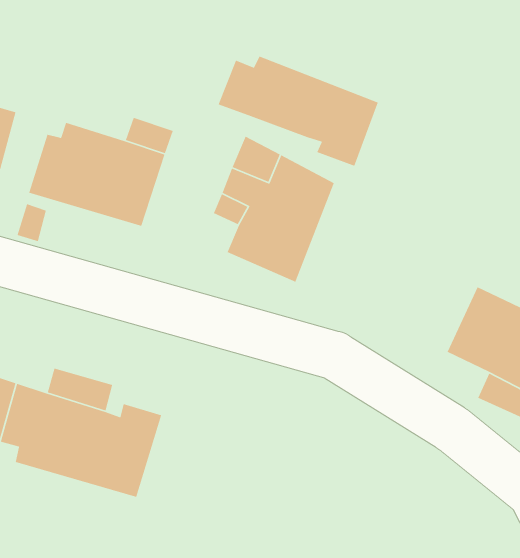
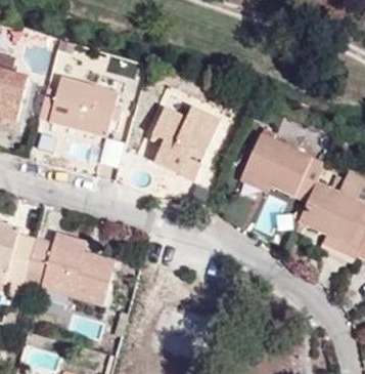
building: [217,56,379,167] -> none
building: none -> [237,133,307,198]

